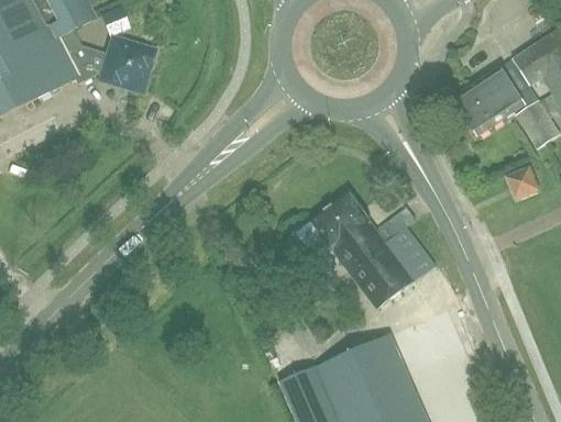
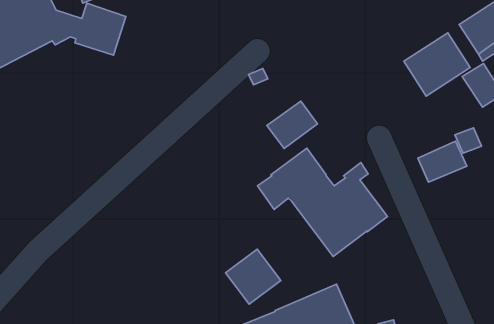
building: none -> [267,101,317,149]
building: none -> [418,141,467,182]
building: none -> [226,249,281,304]

